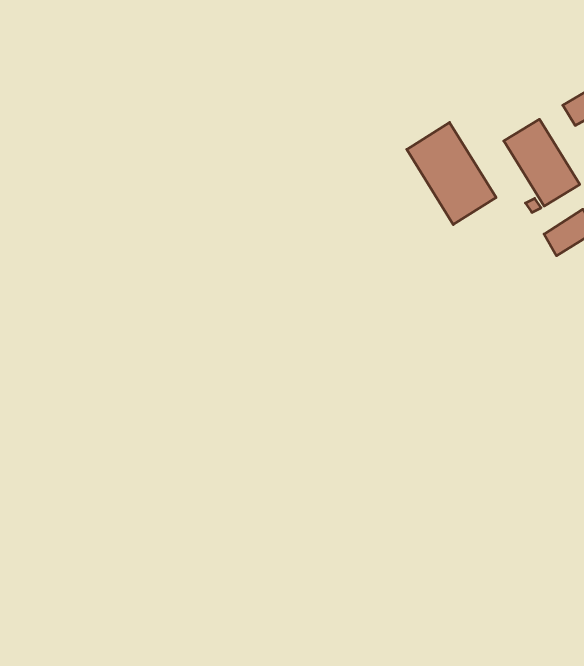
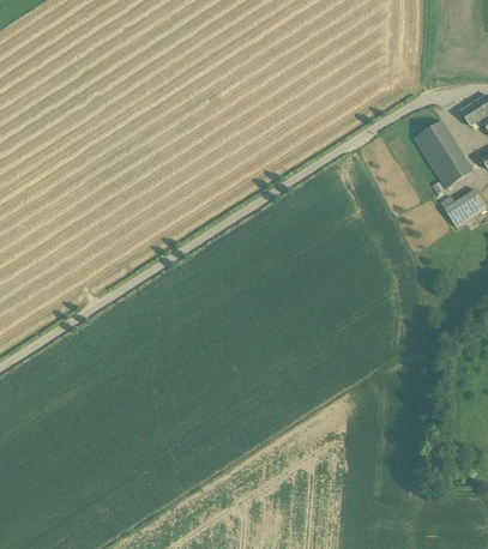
building: [407,122,496,225] -> none

